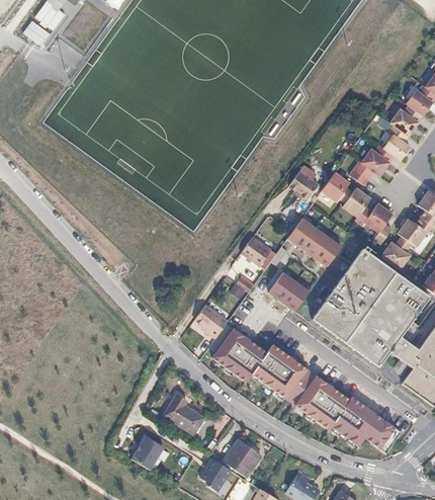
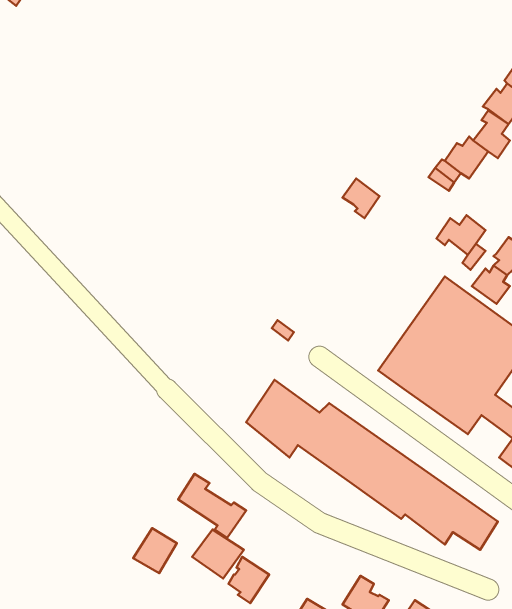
building: [321,171,348,200] -> none
building: [342,187,370,217] -> none
building: [286,217,341,266] -> none
building: [237,240,268,269] -> none
building: [268,271,310,311] -> none
building: [189,311,223,343] -> none
building: [223,439,261,476] -> [192,530,244,579]

